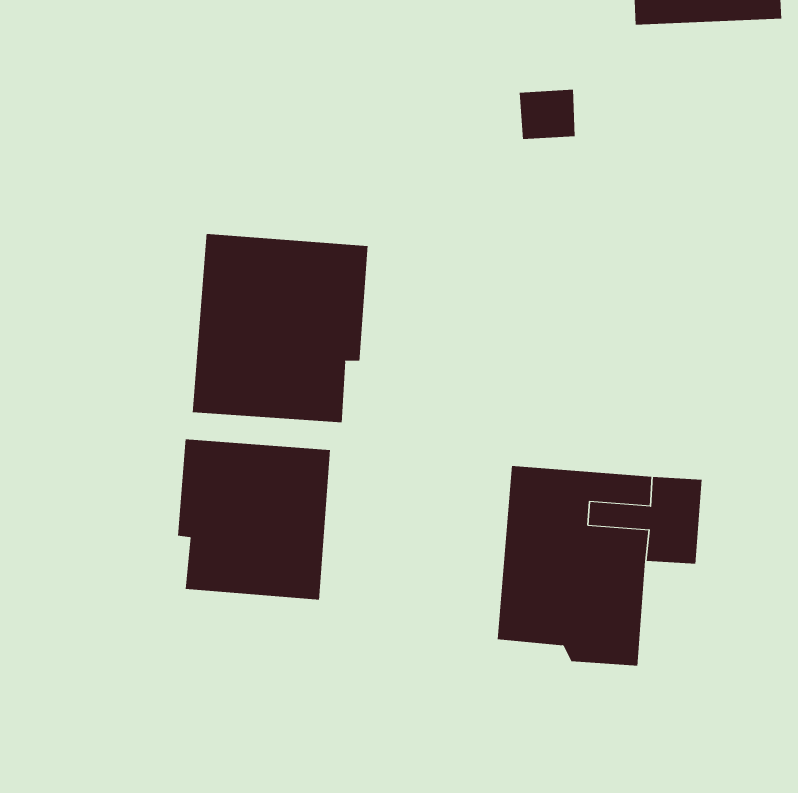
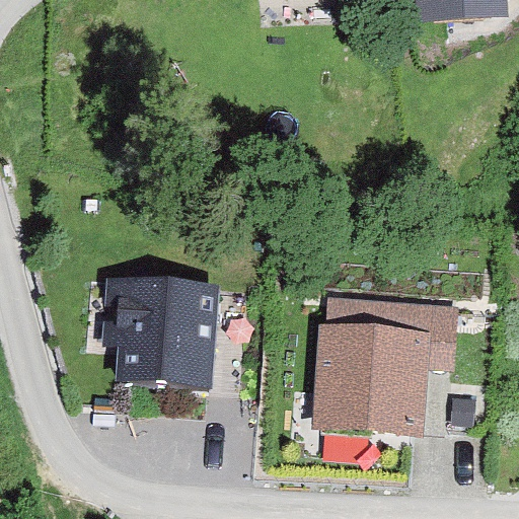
building: [192,233,368,423] -> none

